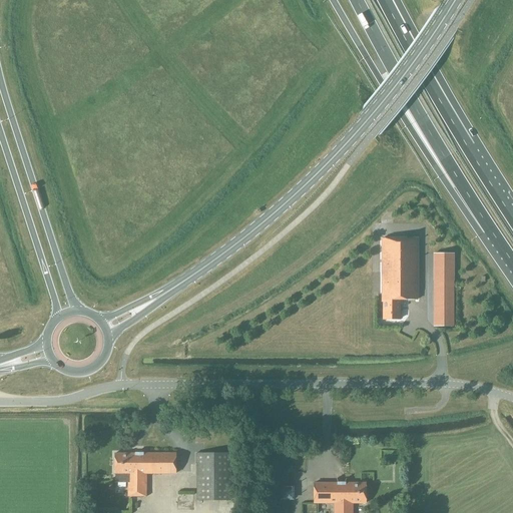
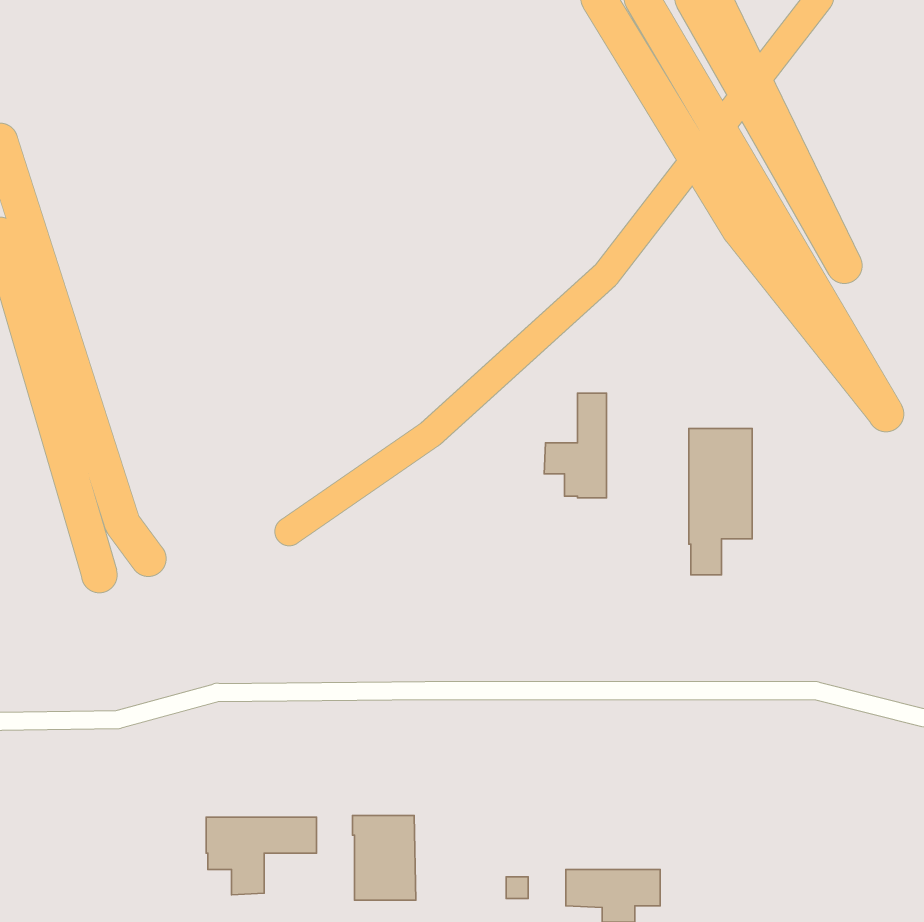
building: none -> [544,393,606,498]
building: [434,252,454,324] -> none

